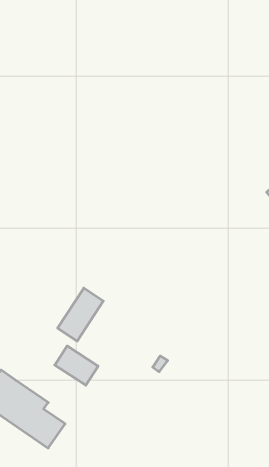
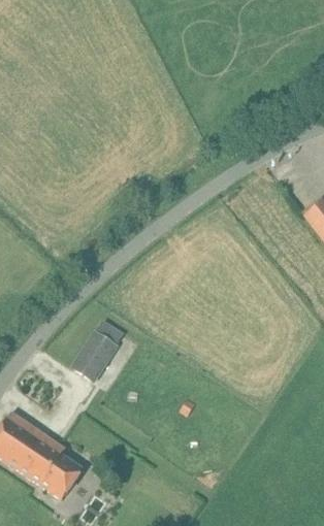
building: [55,346,98,385] -> none

